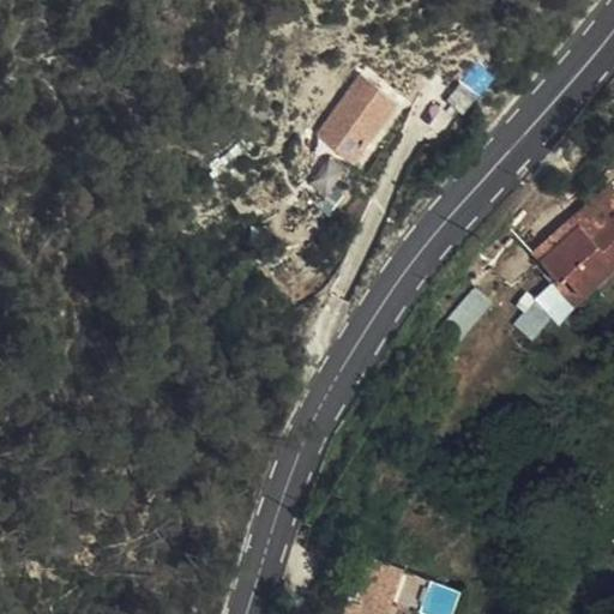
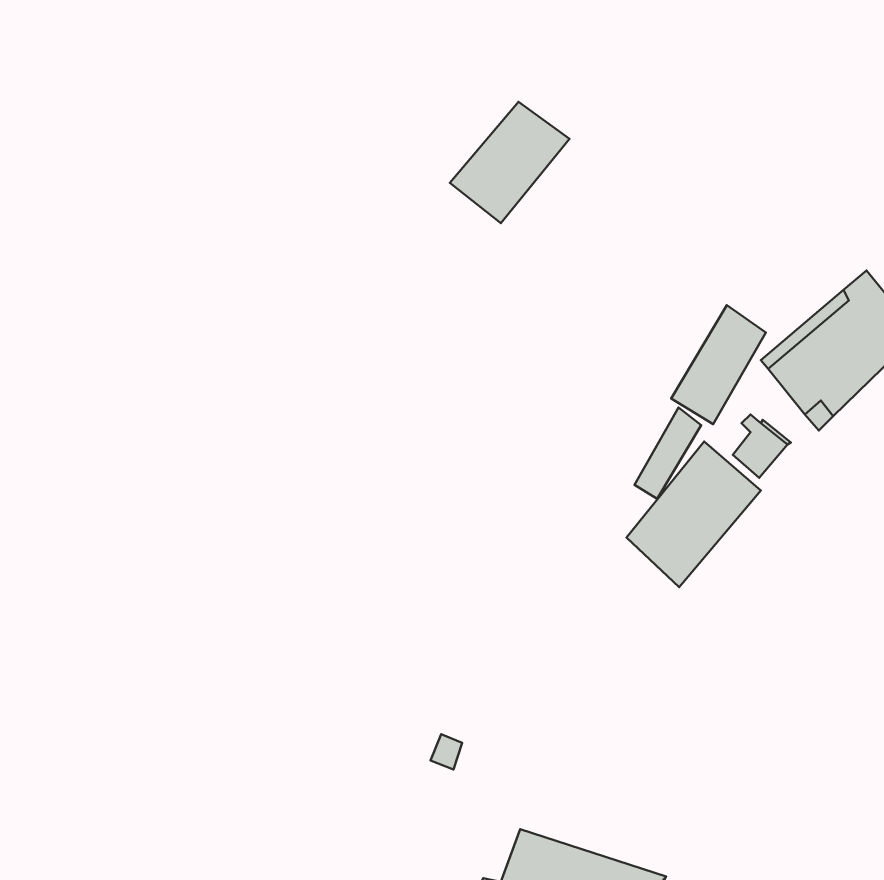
building: none -> [671,305,766,424]
building: none -> [626,442,761,587]

